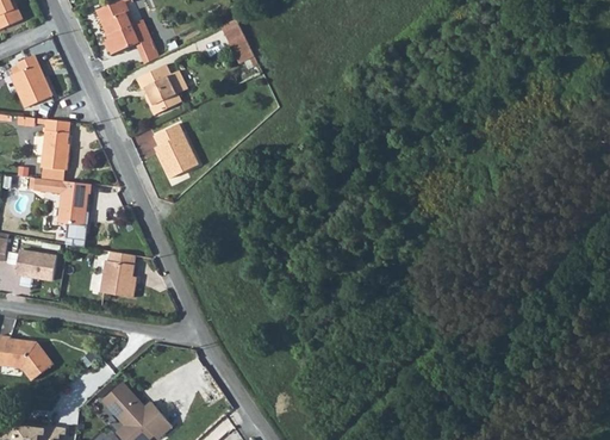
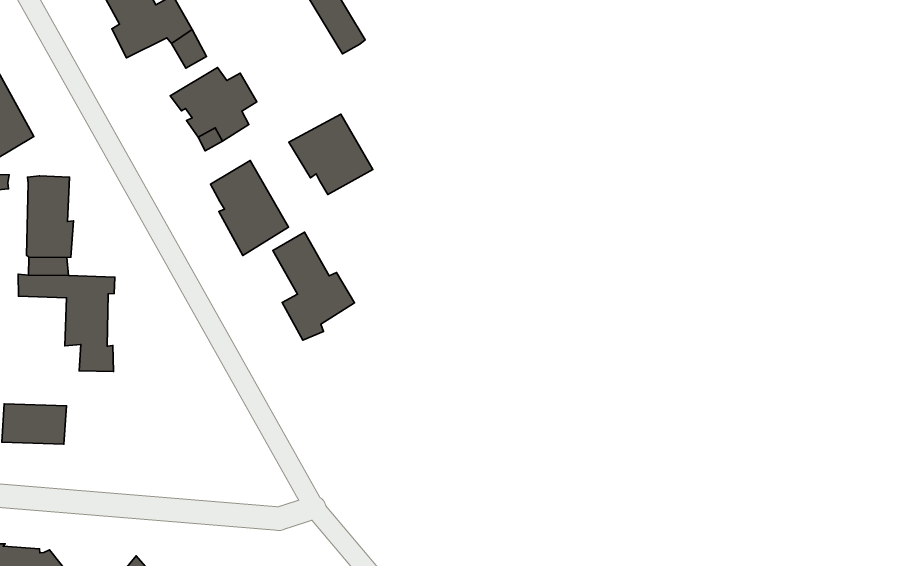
building: none -> [289,114,373,195]
building: none -> [273,232,355,340]
building: [101,252,136,297] -> none

